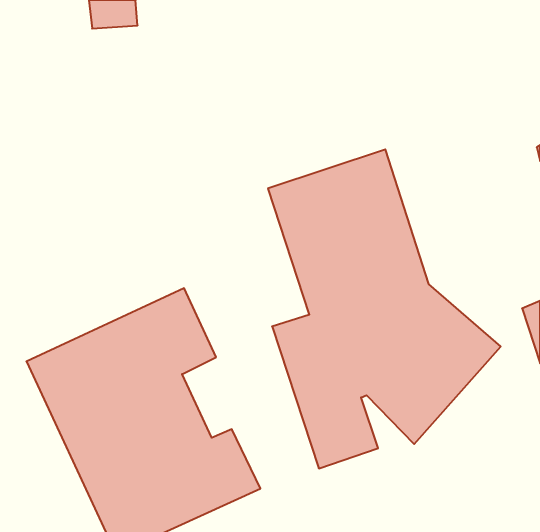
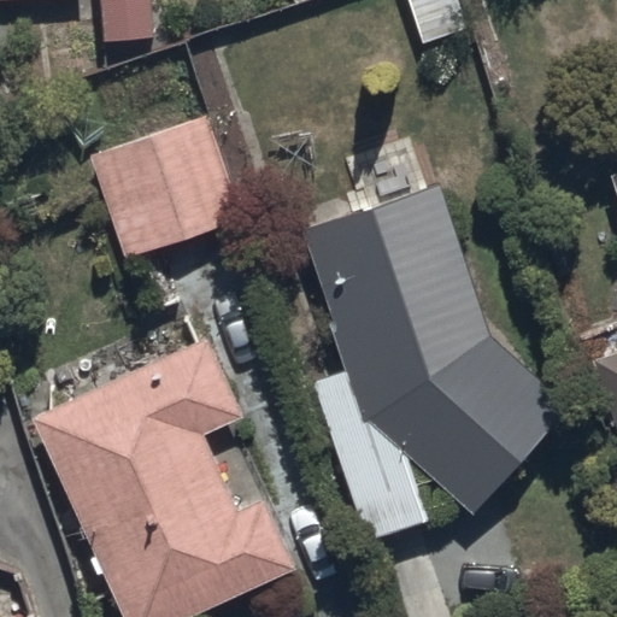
building: none -> [89,117,241,260]

